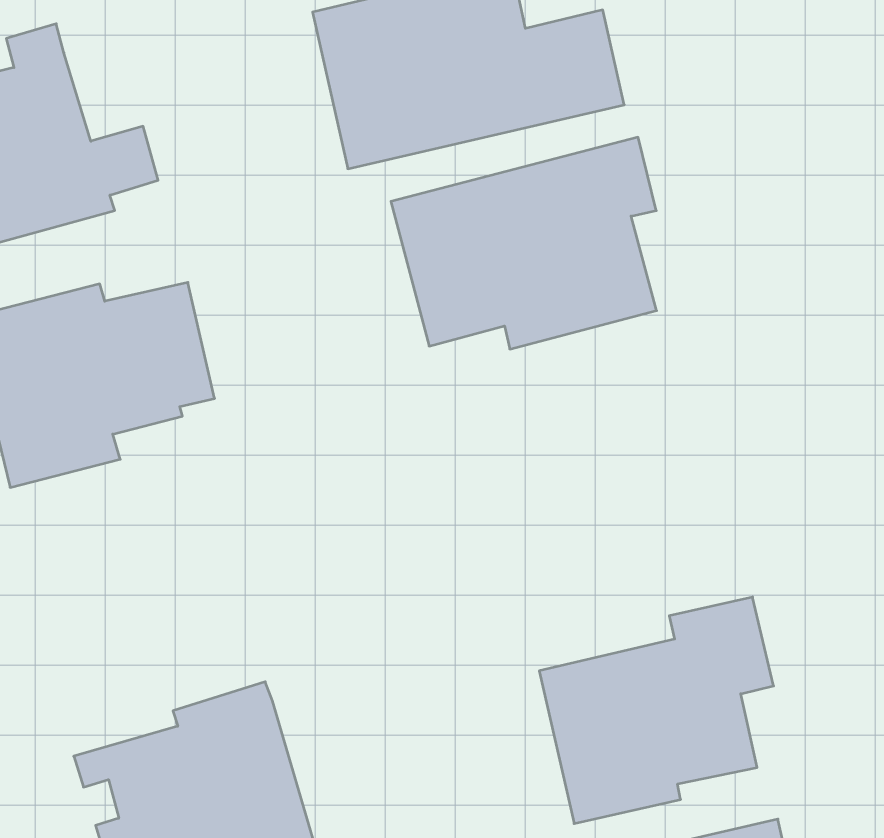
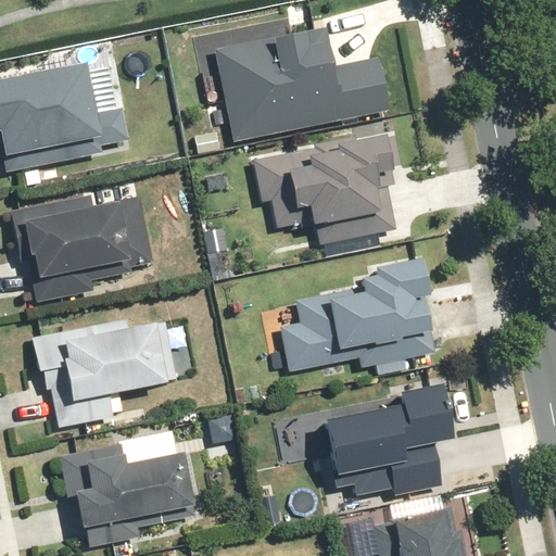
building: none -> [281,262,435,370]
building: none -> [33,319,197,430]

